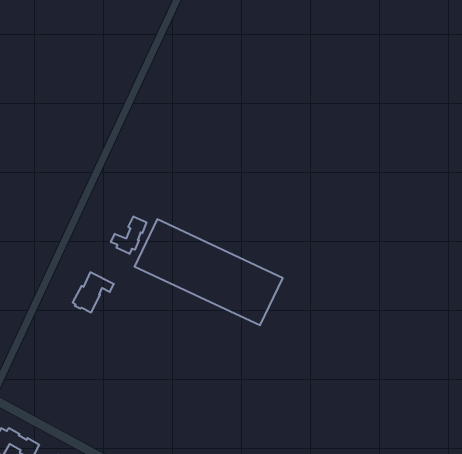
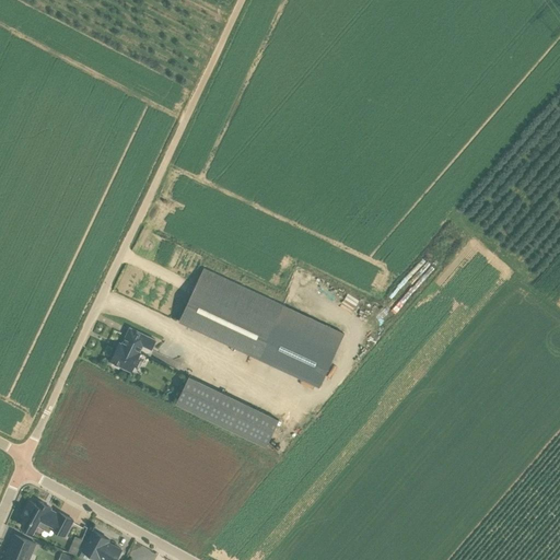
building: [111,216,146,254] -> none
building: none -> [175,376,278,447]

